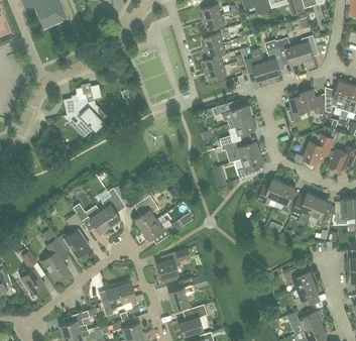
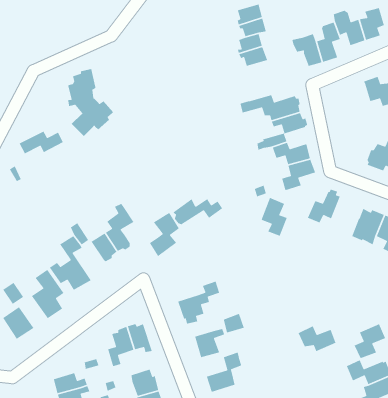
building: [285,95,307,123] -> none
building: none -> [18,130,64,155]
building: [276,183,298,214] -> [261,197,288,237]
building: [141,219,181,240] -> [173,198,223,225]
building: [283,267,314,289] -> [298,325,336,352]

